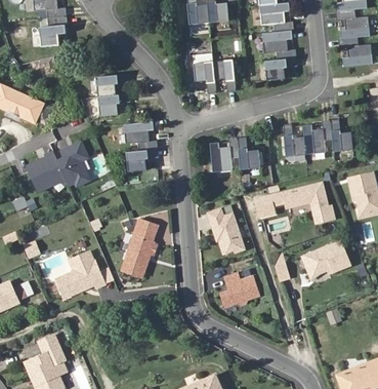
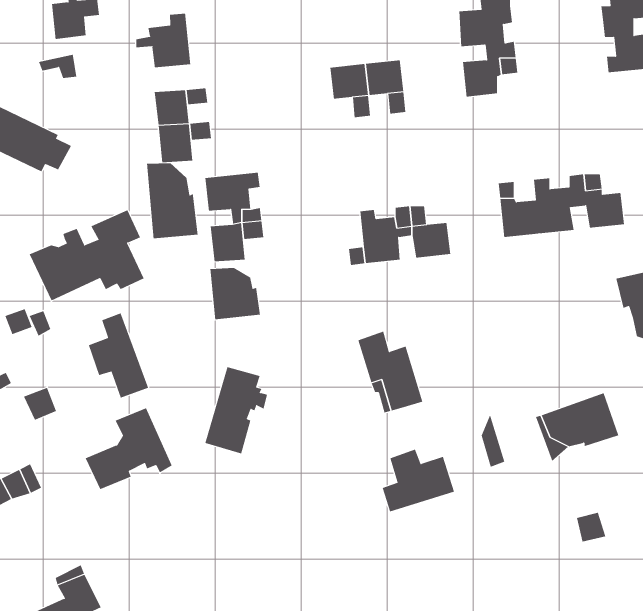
building: none -> [136,13,191,68]
building: none -> [146,163,198,239]
building: none -> [210,267,260,320]
building: [255,185,333,224] -> none
building: none -> [88,313,149,398]

